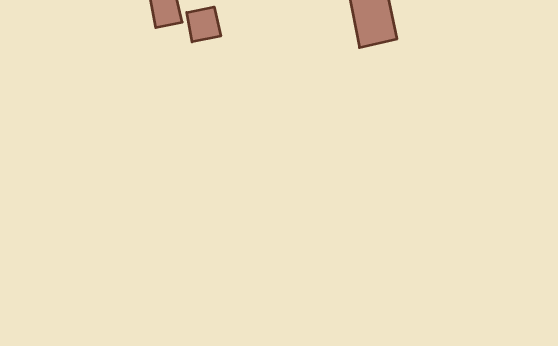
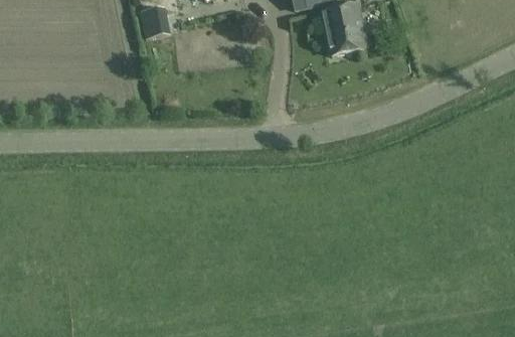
building: [187,7,221,42] -> none

